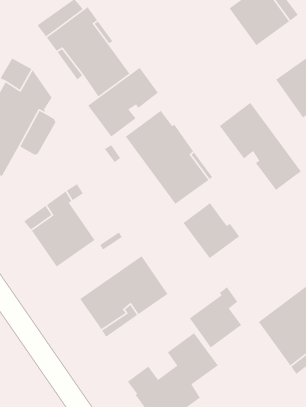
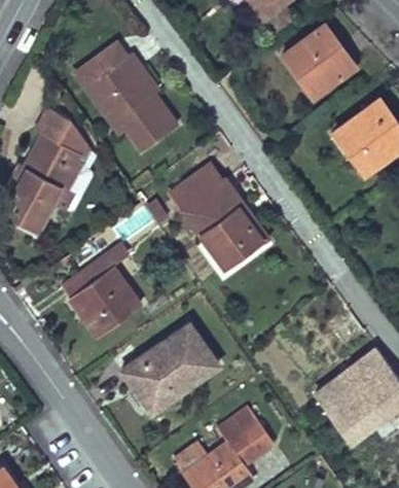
building: [87,67,159,137] -> none
building: [219,102,302,191] -> none
building: [183,202,240,259] -> none
building: [189,286,242,349] -> none

